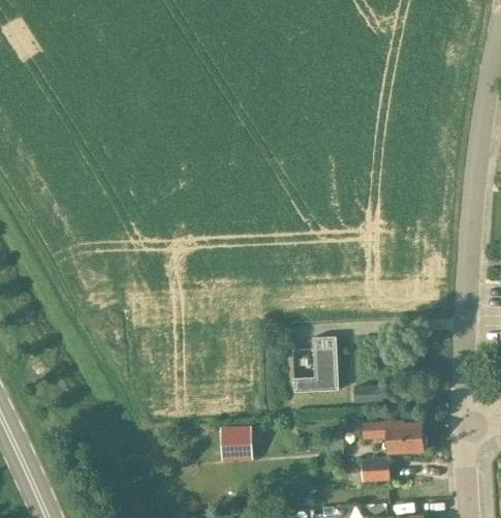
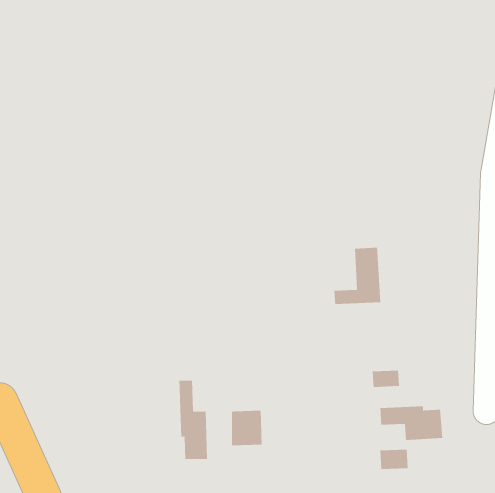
building: [294,337,340,392] -> [333,247,381,305]
building: none -> [179,380,208,460]

